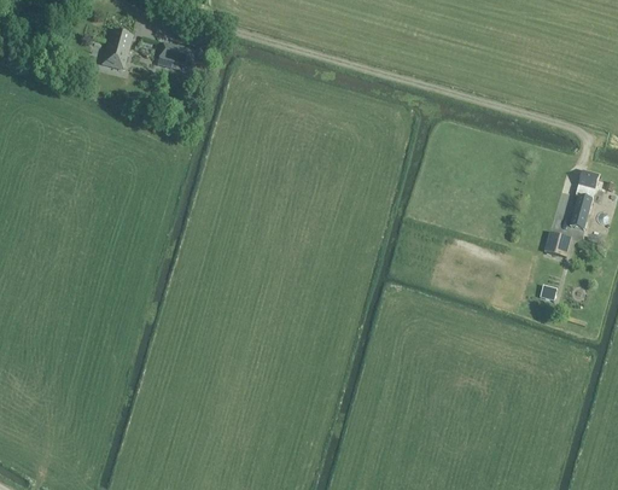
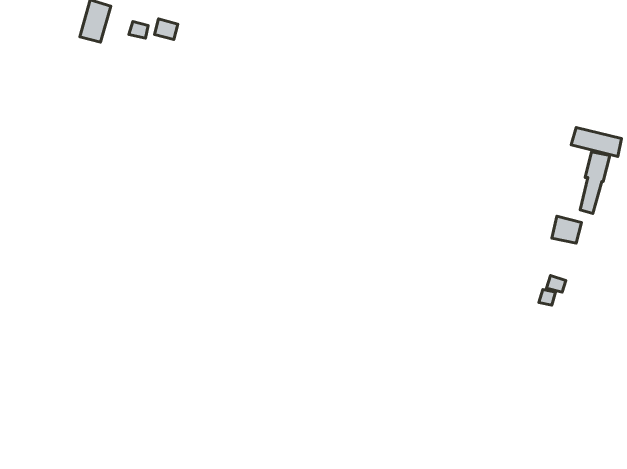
building: none -> [571,128,621,157]

